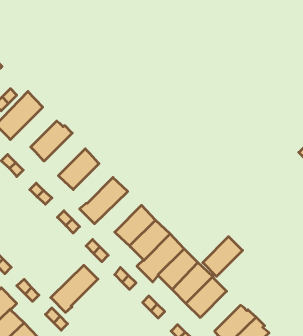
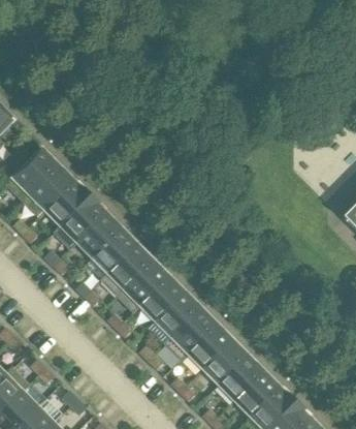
building: none -> [23,164,74,217]
building: none -> [54,193,106,248]
building: none -> [93,227,137,272]
building: [203,237,243,276] -> [235,370,280,415]
building: [51,265,98,312] -> [117,258,169,311]

